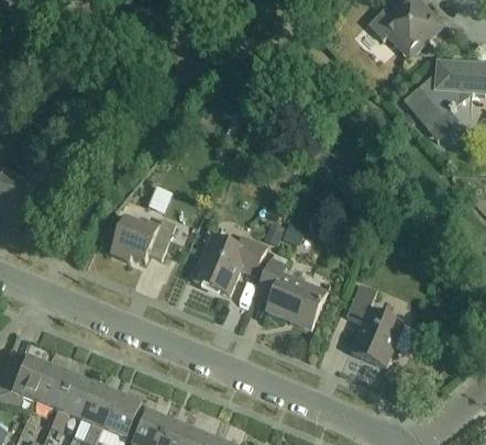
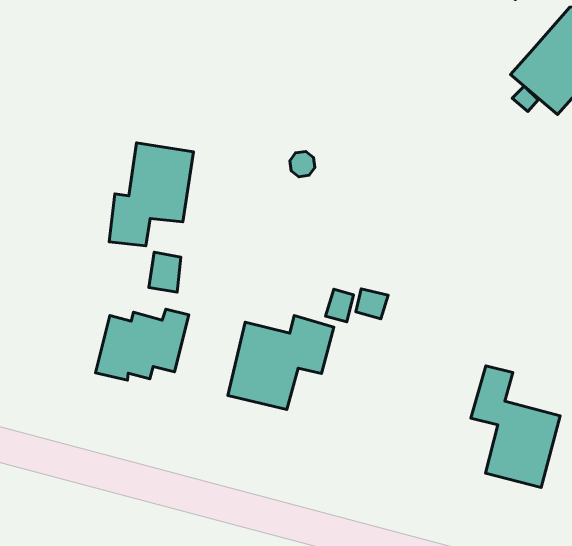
building: none -> [109,143,194,246]
building: [258,256,328,326] -> none

